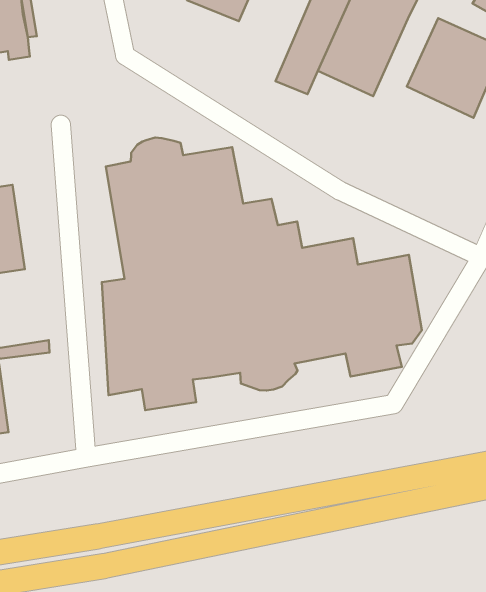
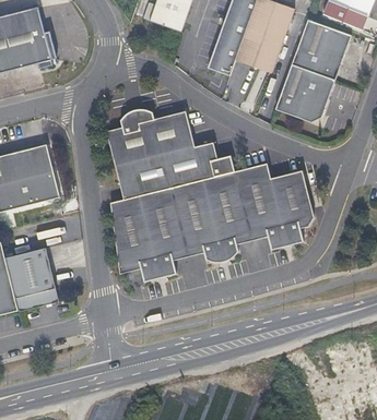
building: none -> [275,64,335,122]

